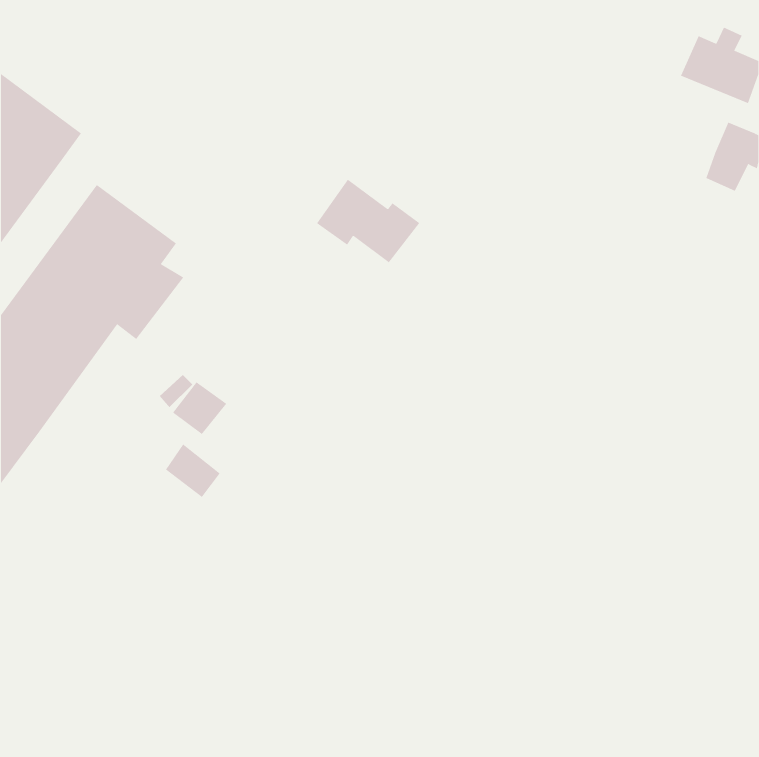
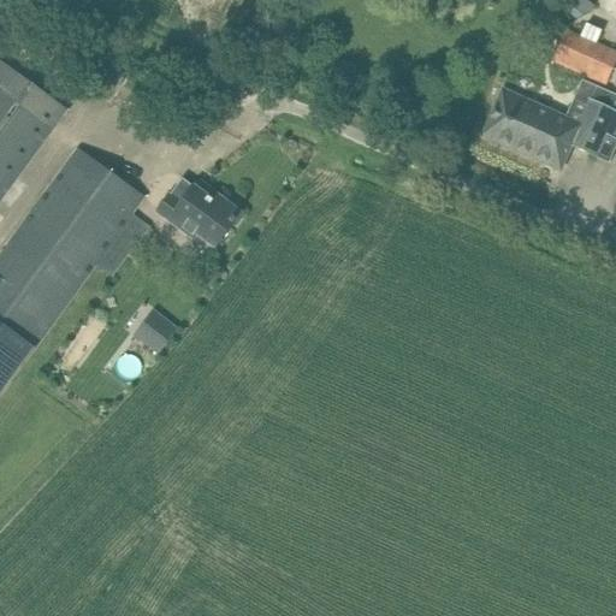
building: none -> [482,90,579,160]
building: [316,179,420,263] -> [156,177,241,245]
building: [165,444,220,498] -> none

